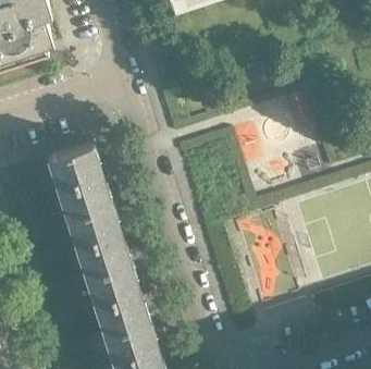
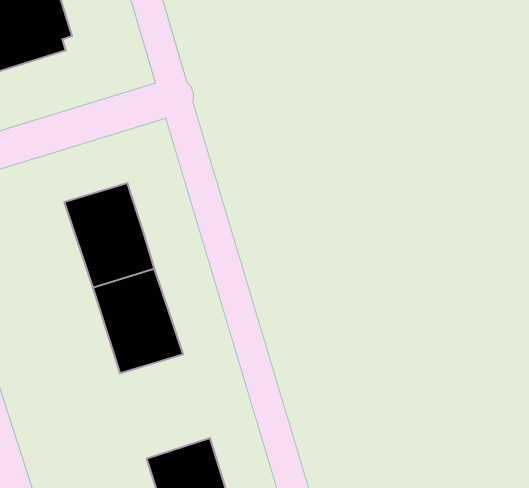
building: [86,267,148,339] -> none

